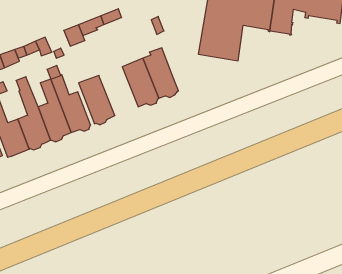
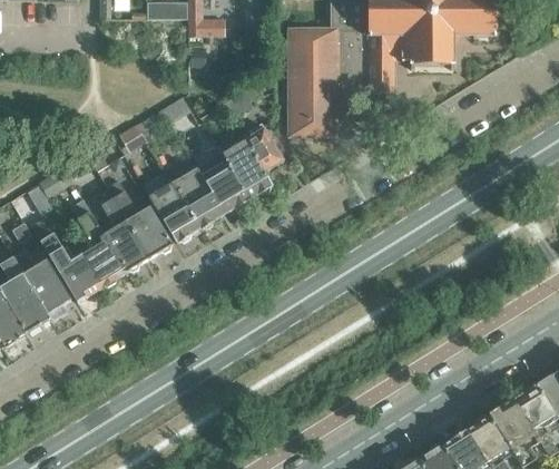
building: none -> [242,123,282,170]
building: none -> [170,166,225,228]

